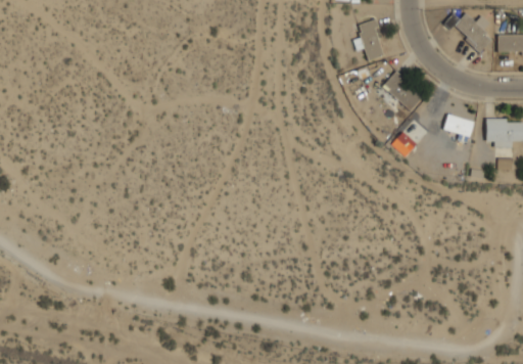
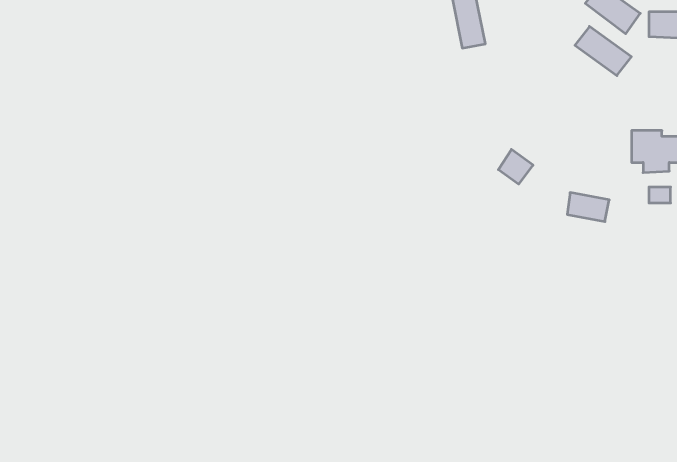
building: [383,75,423,109] -> [575,26,631,76]
building: [444,116,474,136] -> [567,193,609,222]

